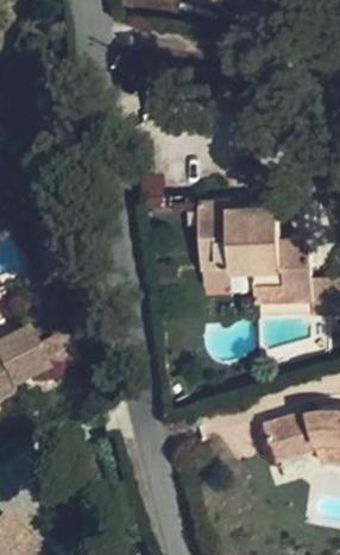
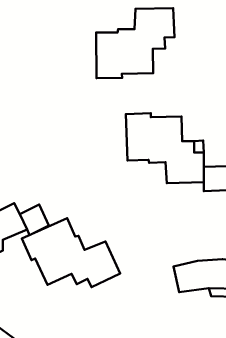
building: none -> [96,8,174,78]
building: none -> [22,218,120,287]

